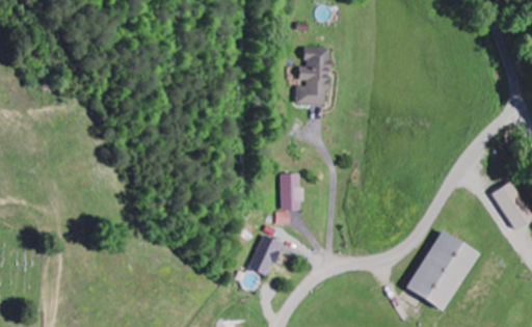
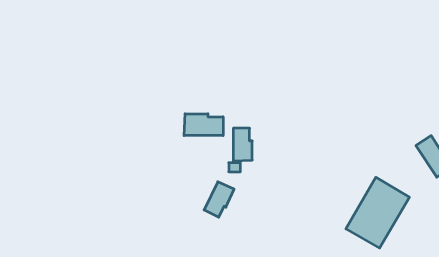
building: [300,48,329,103] -> none
building: none -> [184,114,223,136]

